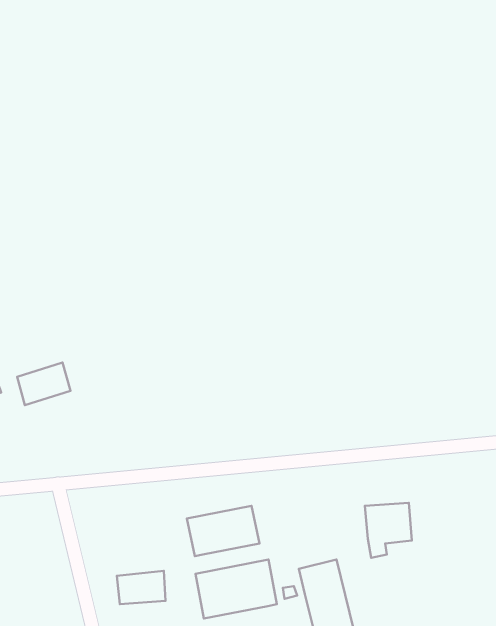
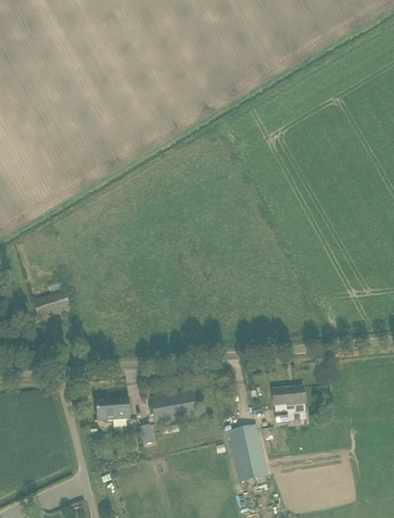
building: [196,560,277,619] -> none
building: [117,571,166,604] -> [97,395,130,418]

